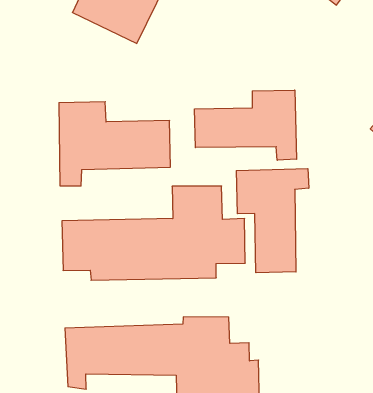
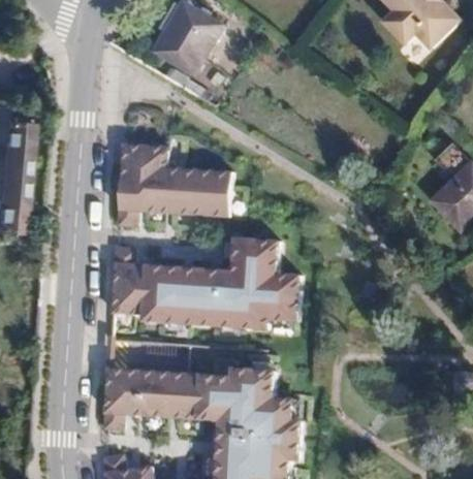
building: [195,90,297,160] -> none
building: [236,169,309,273] -> none

